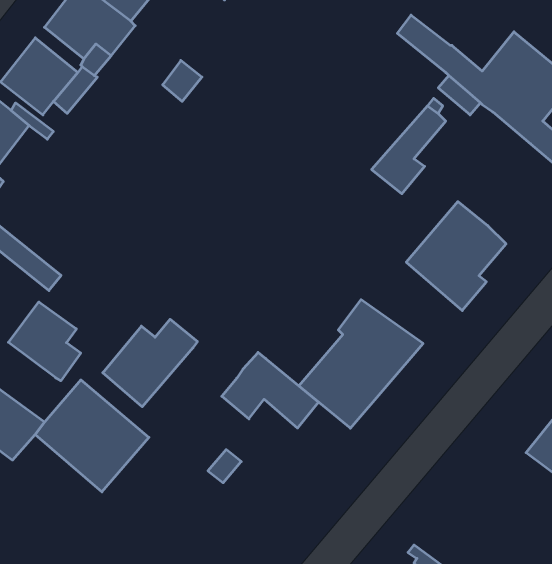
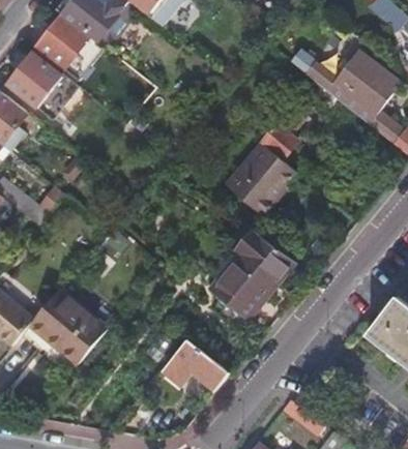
building: [406,202,506,311] -> [226,143,294,217]
building: [8,302,81,381] -> none
building: [103,319,197,407] -> none
building: [222,352,319,428] -> [163,340,229,392]

